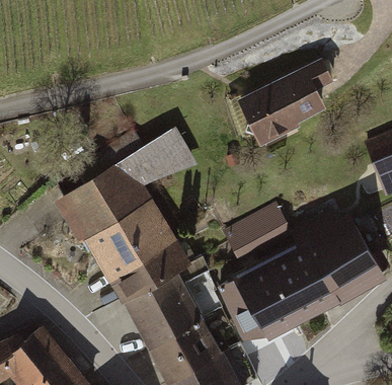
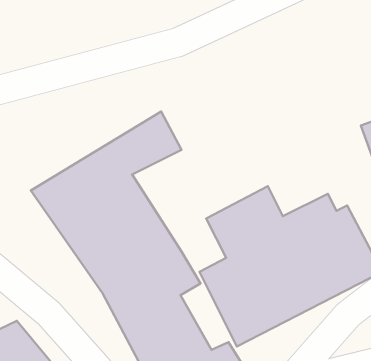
building: [234,56,335,146] -> none

